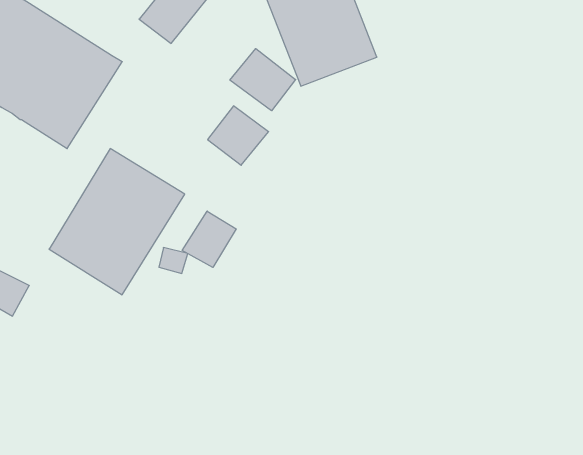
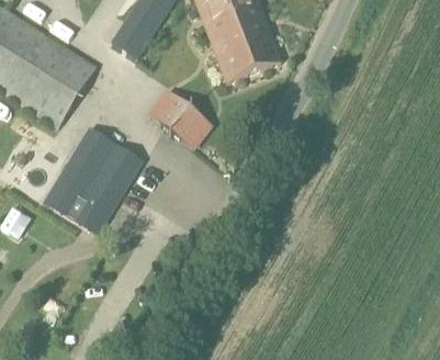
building: [230,49,296,111] -> none
building: [182,211,236,267] -> none

